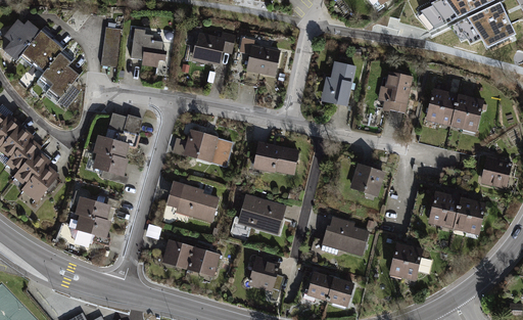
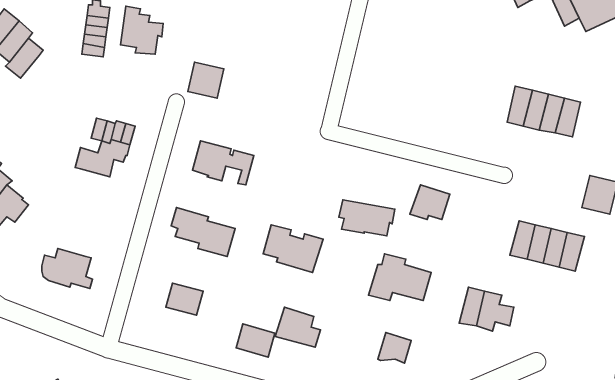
building: [196,36,224,63] -> [188,62,224,98]
building: [247,47,279,75] -> none
building: [324,63,353,105] -> none
building: [49,66,79,108] -> none
building: [377,72,412,113] -> none
building: [254,145,297,173] -> [339,200,395,236]
building: [94,153,126,184] -> none
building: [72,190,118,221] -> none
building: [188,247,218,273] -> [236,324,275,357]
building: [302,273,333,302] -> none

